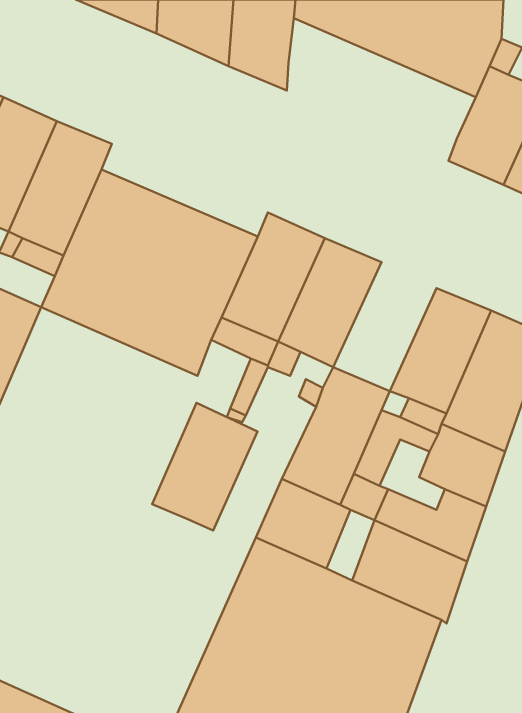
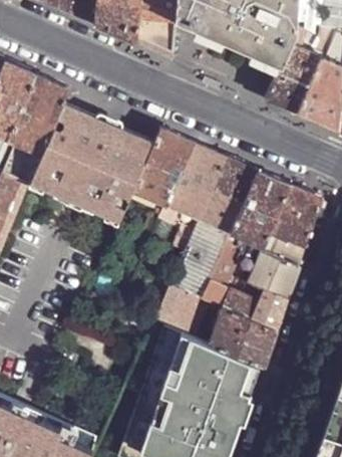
building: none -> [200,160,260,235]
building: [152,403,258,530] -> none

